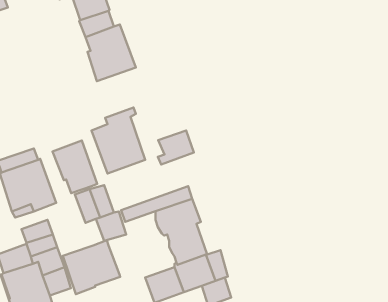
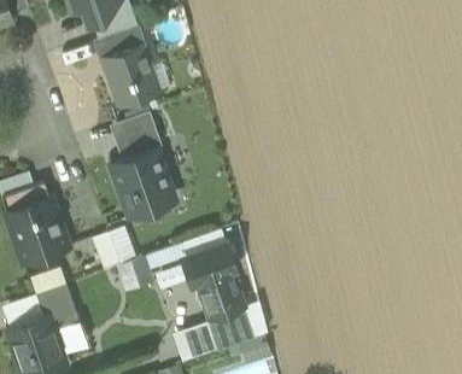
building: none -> [117,112,159,151]
building: [158,131,194,164] -> none
building: [53,141,97,193] -> none
building: [63,240,120,294] -> none

